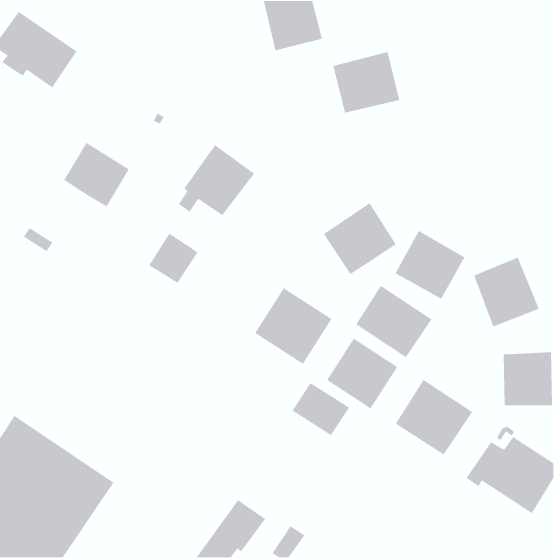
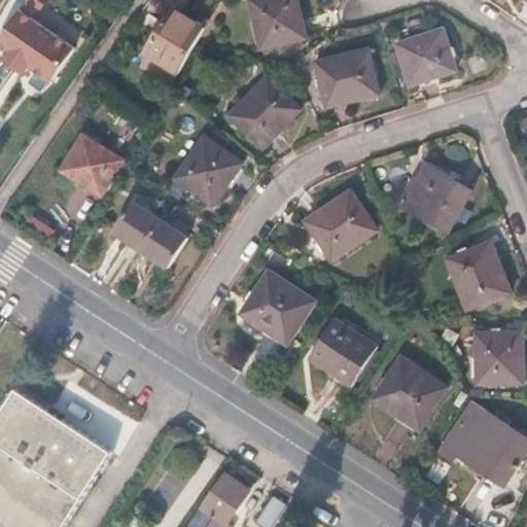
building: none -> [144,8,203,73]
building: none -> [395,29,455,84]
building: none -> [229,76,300,147]
building: none -> [112,201,160,250]
building: [395,230,465,300] -> [402,166,469,232]
building: [355,285,433,358] -> none
building: [291,382,350,436] -> none

